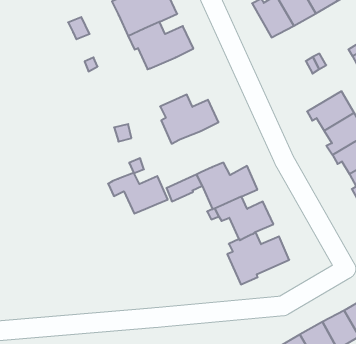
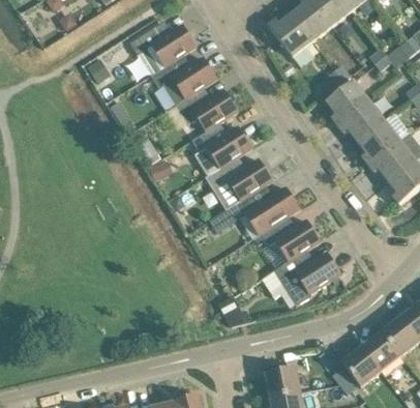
building: none -> [176,89,237,130]
building: none -> [326,80,368,124]
building: [108,173,168,214] -> [211,158,272,199]

